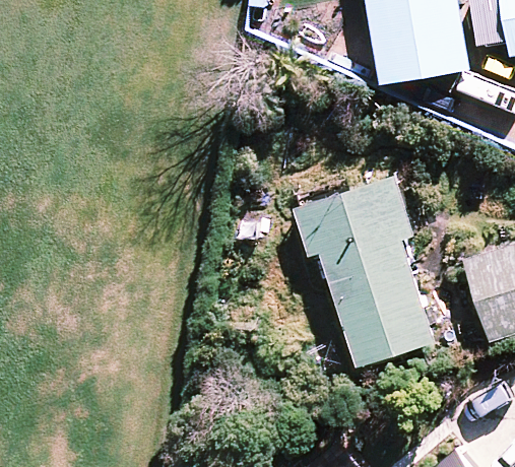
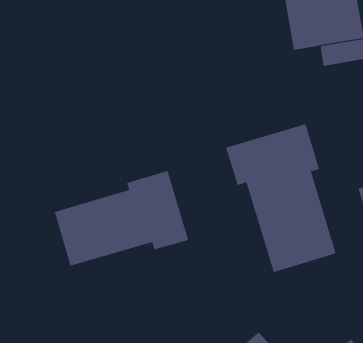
building: none -> [54,170,189,267]

